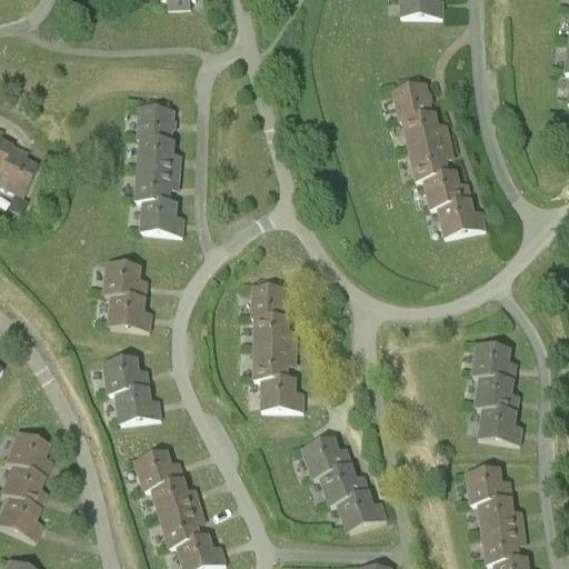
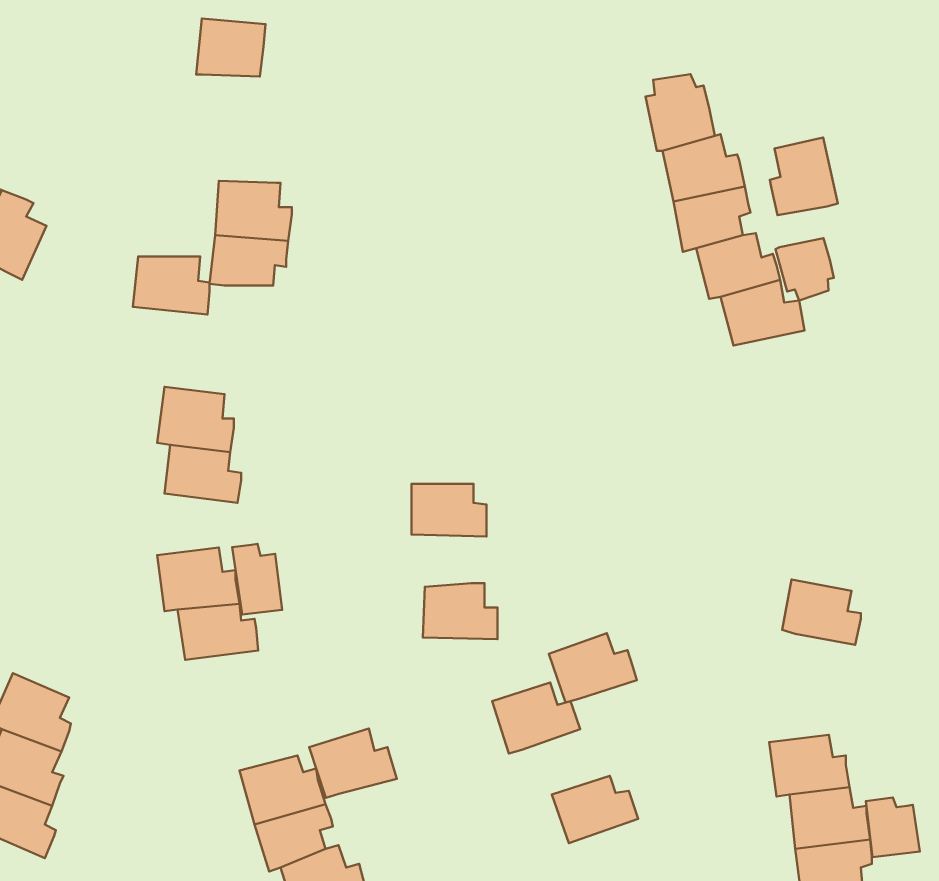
building: [134,106,176,140] -> [196,18,266,76]
building: none -> [770,138,838,215]
building: none -> [775,238,834,301]
building: [138,201,183,236] -> [133,256,209,314]
building: [249,278,289,319] -> none
building: [470,342,517,382] -> none
building: [251,349,297,380] -> none
building: none -> [232,544,282,615]
building: [476,408,522,445] -> none
building: [132,450,184,491] -> [309,728,397,798]
building: [318,465,370,506] -> [549,633,637,703]
building: none -> [866,797,920,857]

